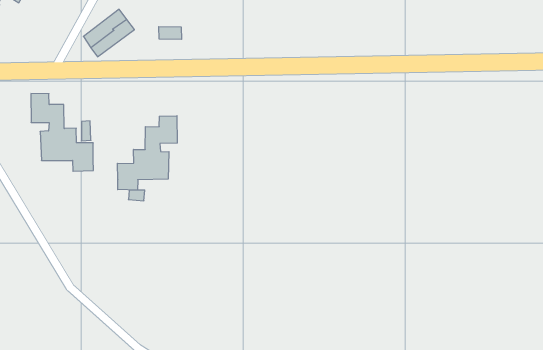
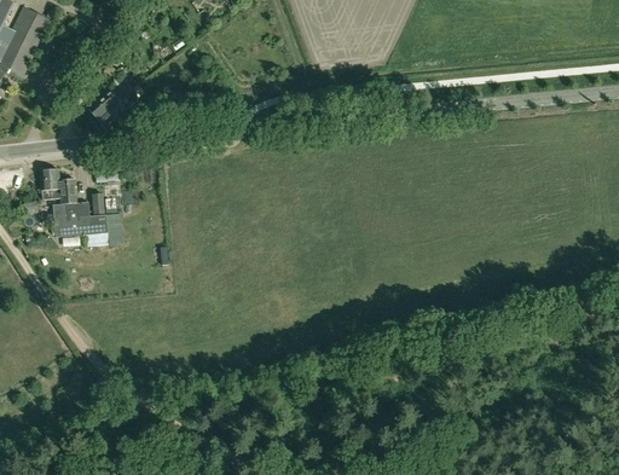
building: [117,116,177,190] -> none

